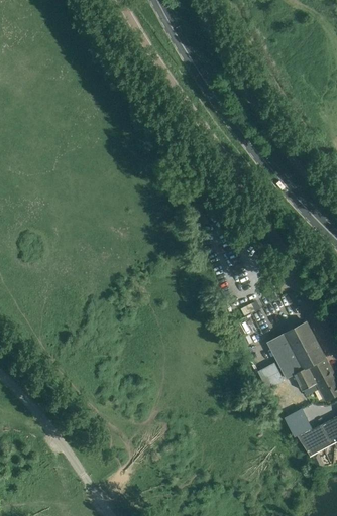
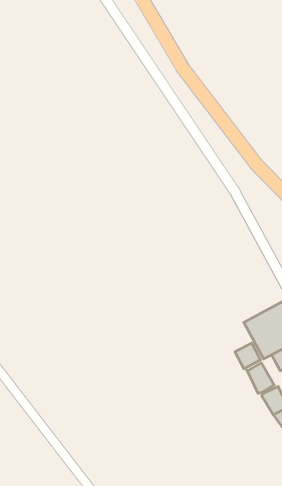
building: none -> [247,363,274,393]

